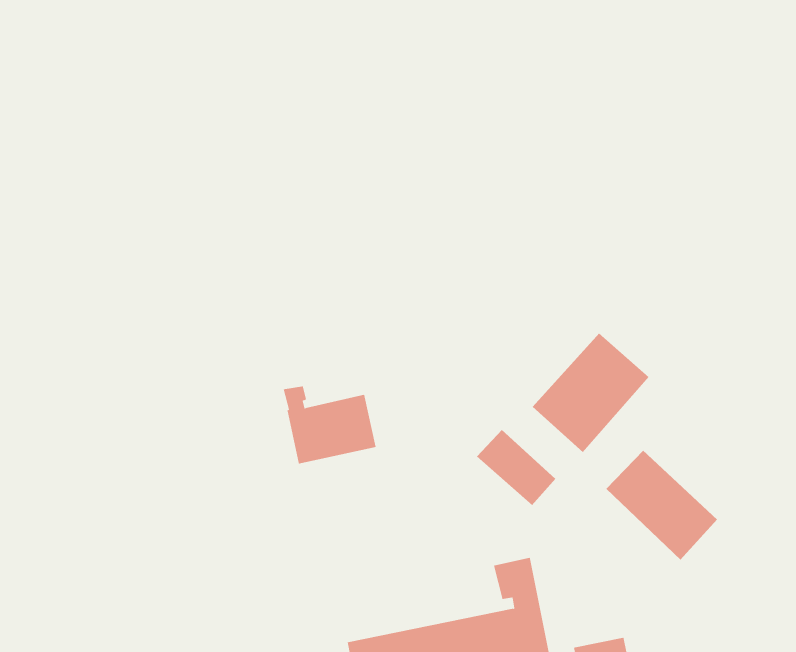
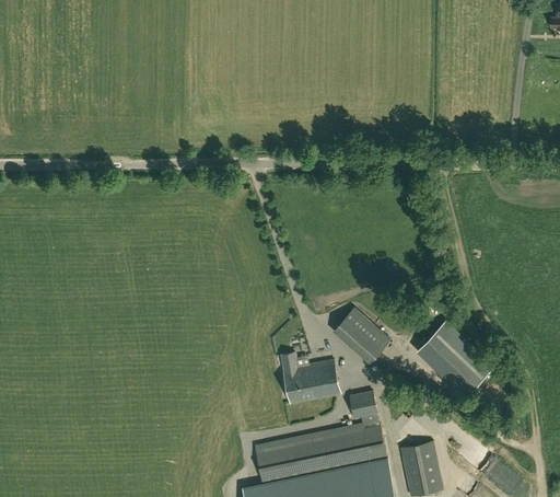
building: [532,332,650,453] -> none
building: [283,386,377,464] -> [280,354,340,404]

